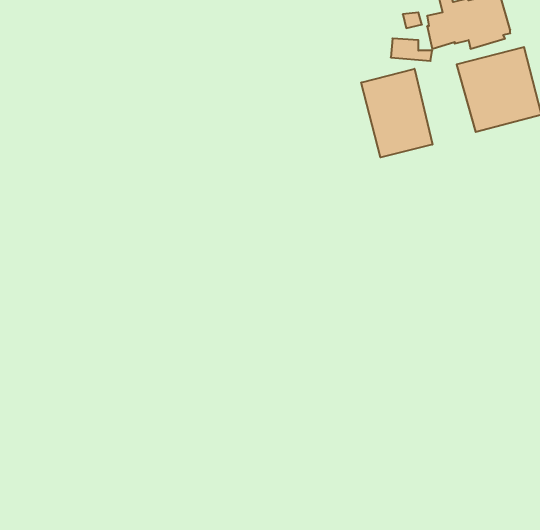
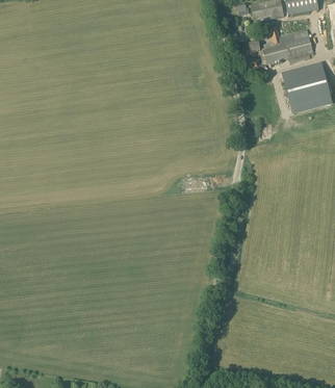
building: [361,69,432,157] -> none

